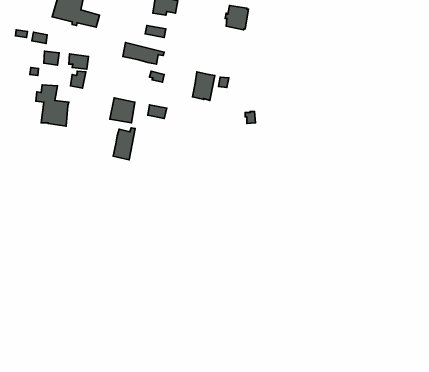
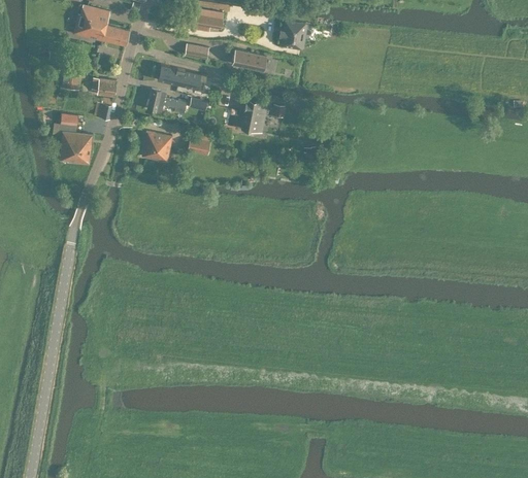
building: none -> [233,48,268,70]
building: none -> [147,89,187,113]
building: [113,128,135,160] -> none

